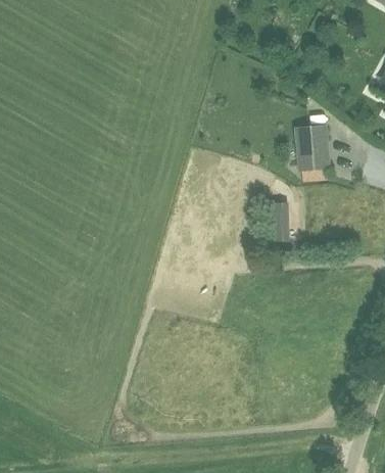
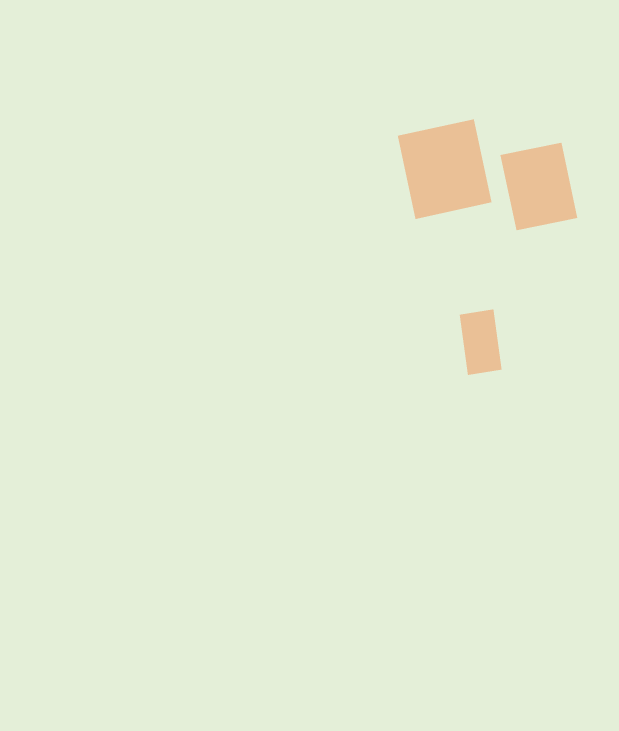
building: none -> [397,118,492,220]

